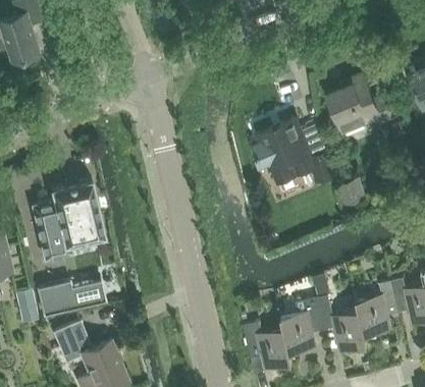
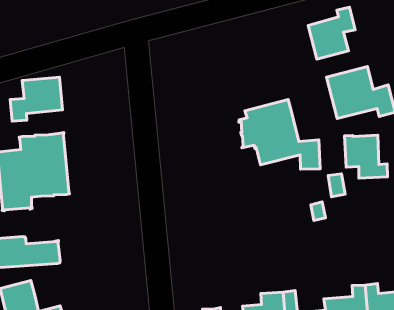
building: none -> [308,7,355,59]
building: none -> [10,77,63,121]
building: none -> [344,135,387,178]

